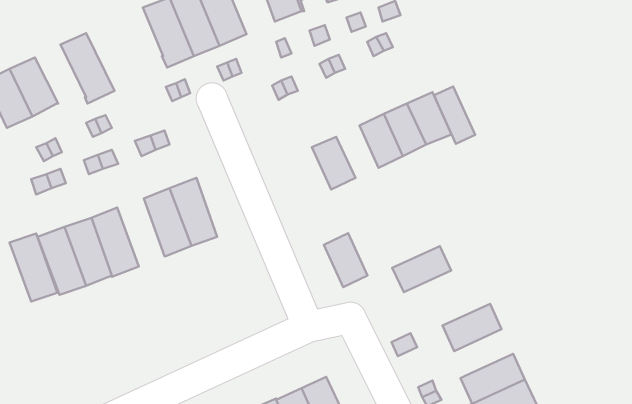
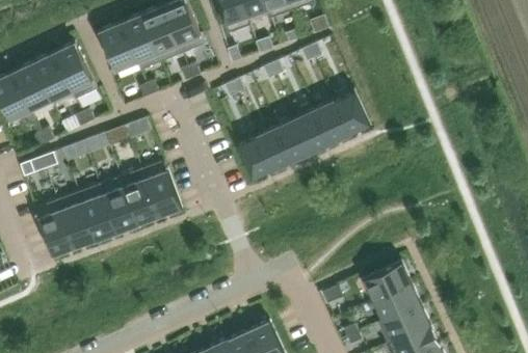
building: none -> [99,22,136,70]
building: none -> [32,52,74,105]
building: [434,86,475,144] -> none
building: none -> [276,117,311,160]
building: [324,233,367,287] -> [237,135,272,179]
building: [9,234,58,302] -> [99,176,138,232]
building: [392,246,451,292] -> [372,282,420,320]

